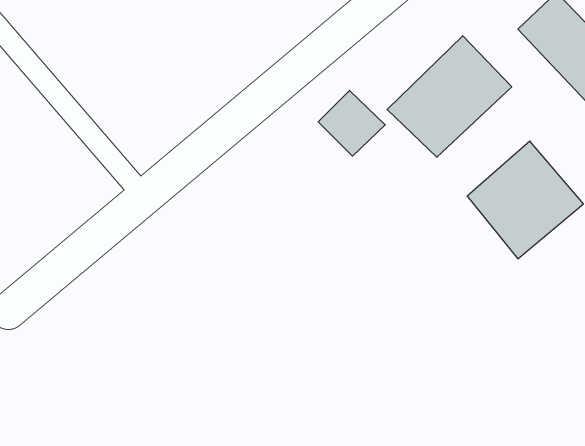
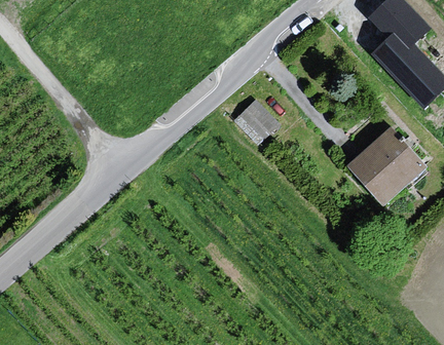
building: [387,36,512,157] -> none

